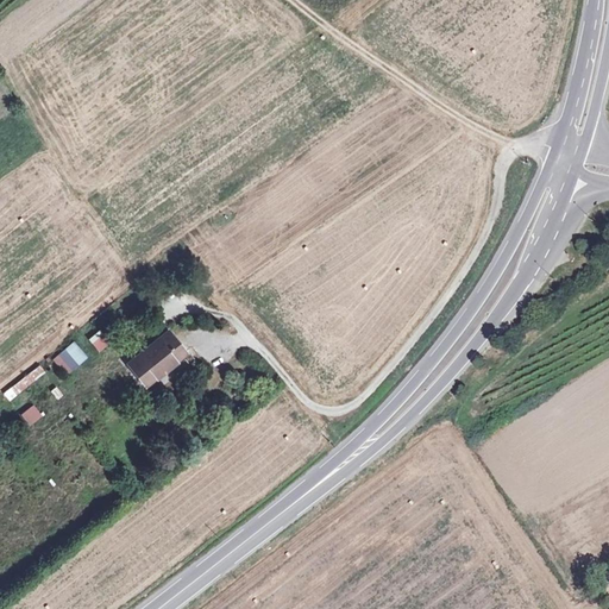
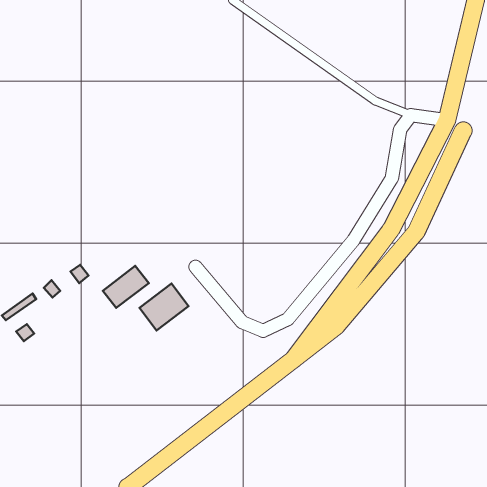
building: none -> [140,284,188,330]

